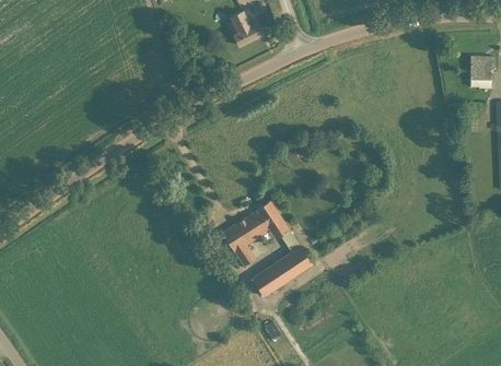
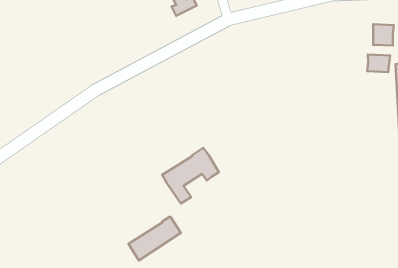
building: none -> [367,54,390,72]
building: [252,246,313,297] -> [129,217,181,261]

